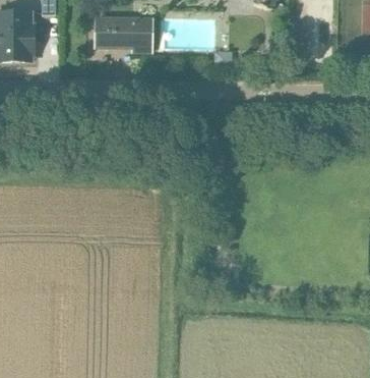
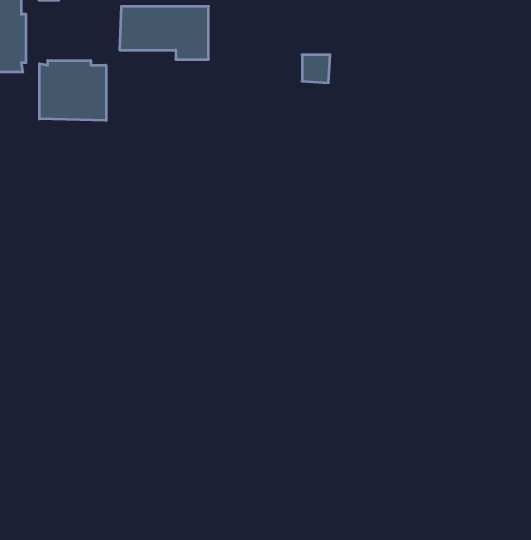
building: none -> [39,60,106,121]

